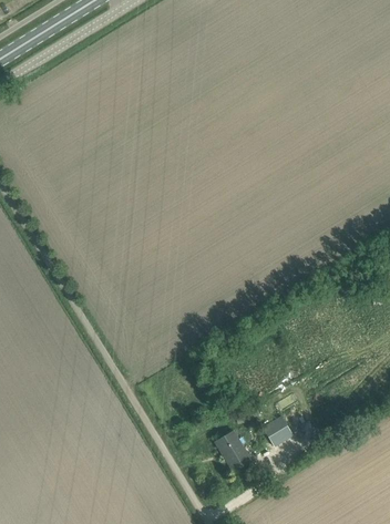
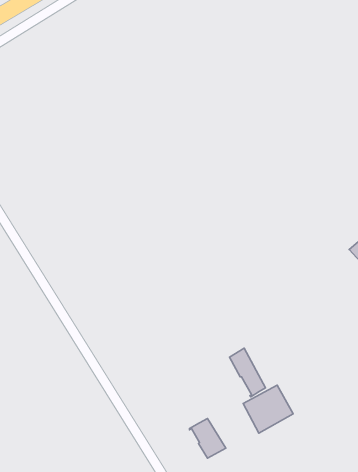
building: none -> [230,348,265,397]

